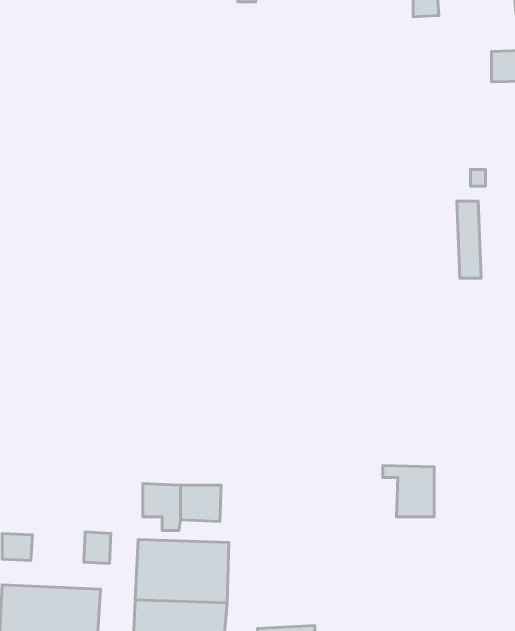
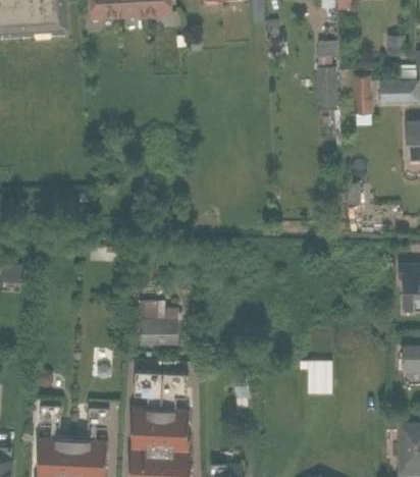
building: none -> [316,66,335,104]
building: none -> [354,75,370,112]
building: none -> [145,301,183,337]

